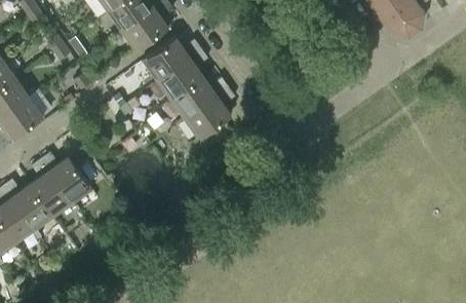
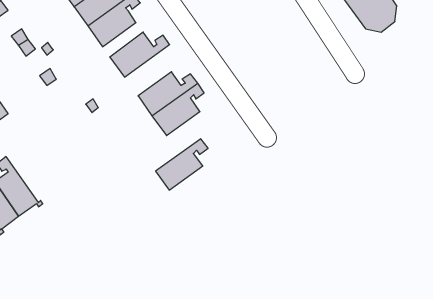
building: [157,49,208,100] -> [156,139,208,190]
building: [41,153,92,204] -> none

